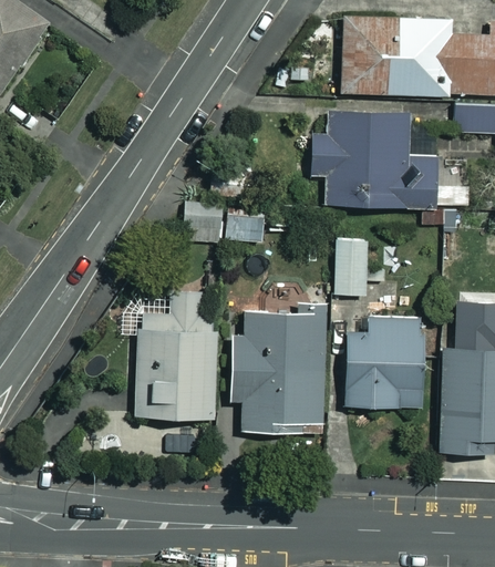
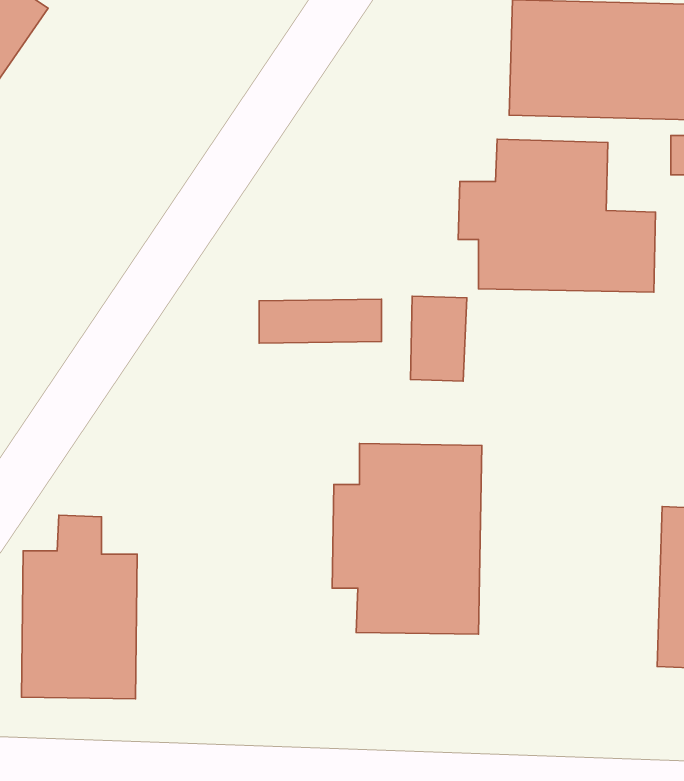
building: [332,237,369,292] -> [411,296,467,381]
building: [140,299,215,419] -> [22,515,137,699]
building: [344,318,427,408] -> none

